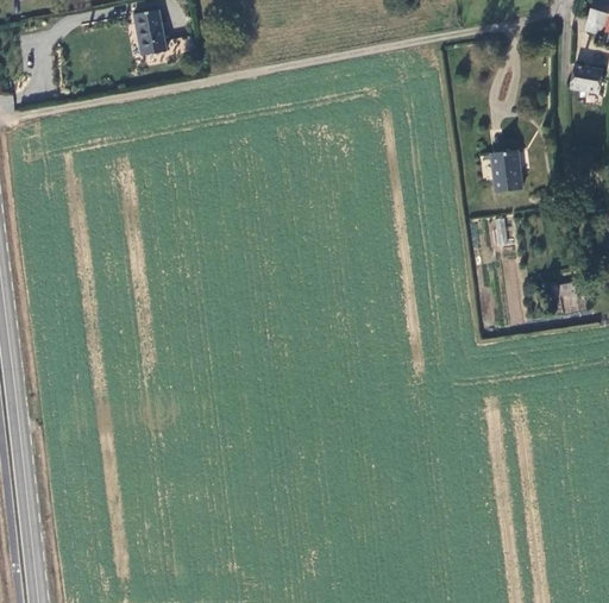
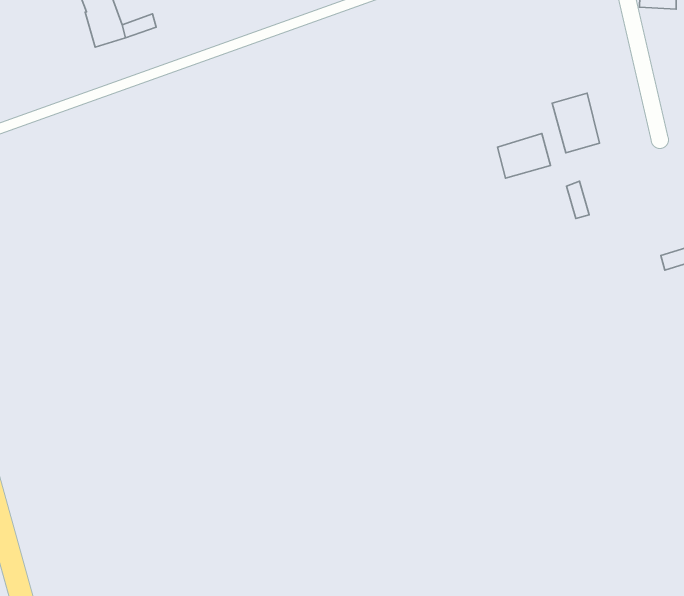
building: none -> [497,134,551,178]

